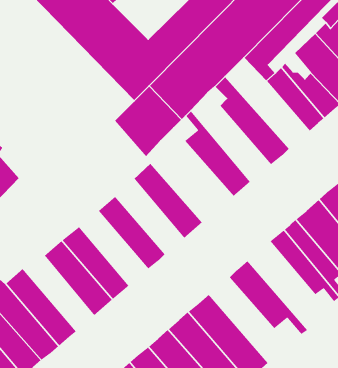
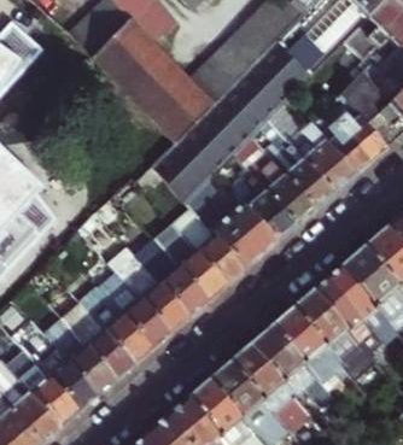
building: none -> [269,98,356,192]
building: none -> [234,134,316,226]
building: none -> [187,170,278,268]
building: none -> [156,223,227,300]
building: none -> [107,242,189,333]
building: none -> [48,285,134,380]
building: none -> [292,287,379,381]
building: none -> [252,324,334,405]

